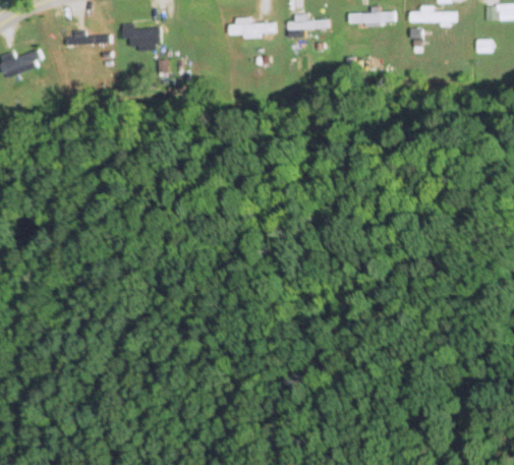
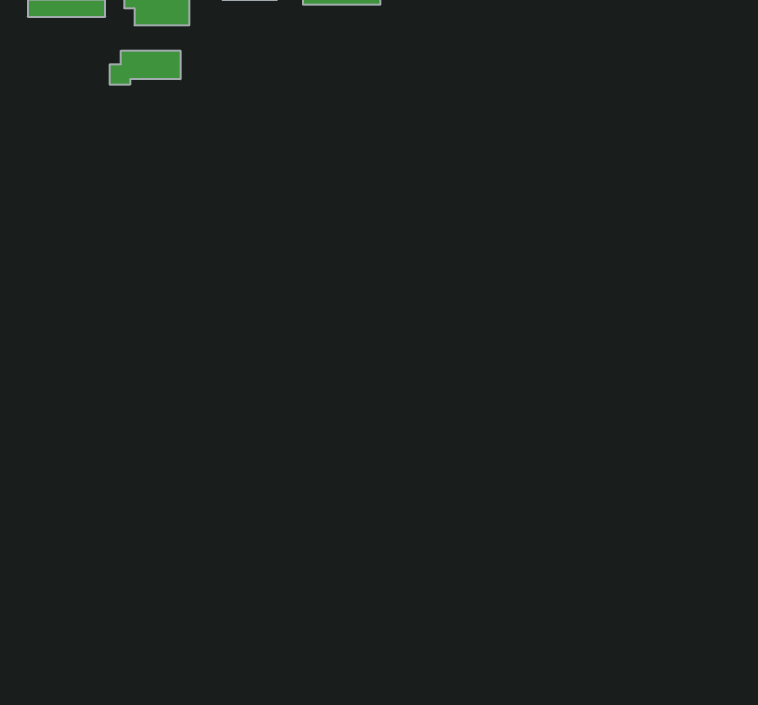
building: none -> [110,51,180,85]

